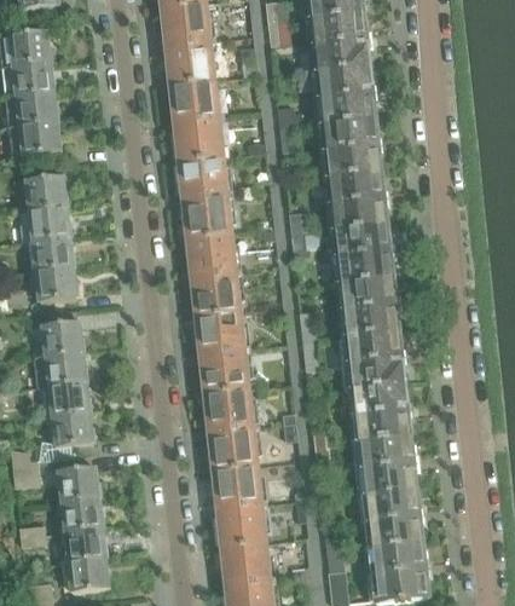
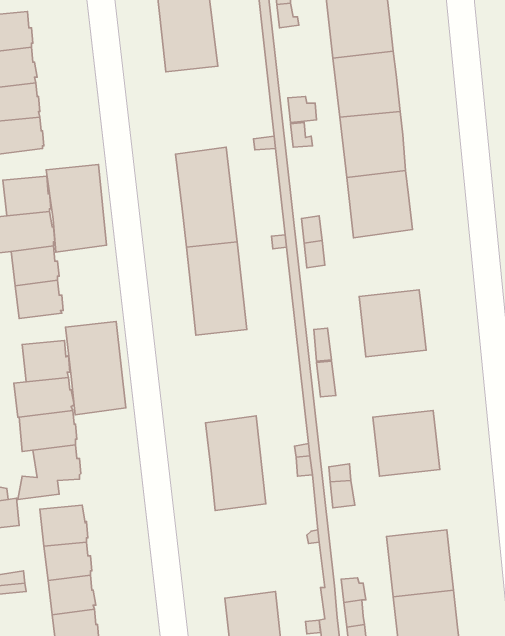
building: [168,77,221,155] -> [46,164,107,252]
building: [334,221,392,281] -> none
building: [195,310,248,392] -> [66,322,126,415]
building: [345,328,404,387] -> none
building: [357,433,416,492] -> none
building: [212,463,265,547] -> none

